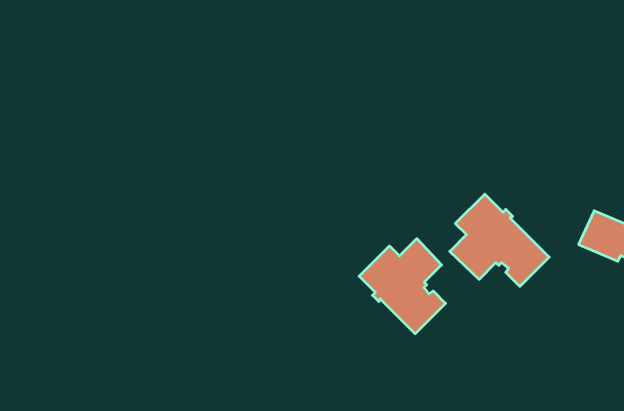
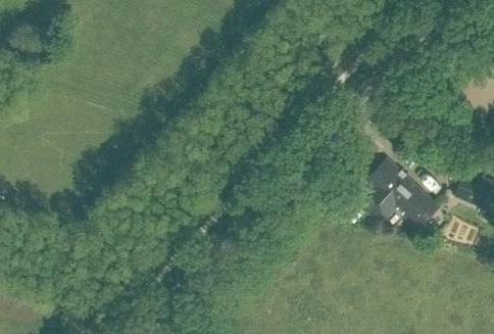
building: [359,239,446,334] -> none

